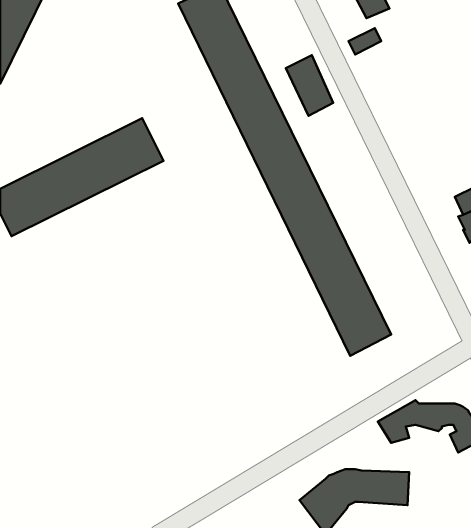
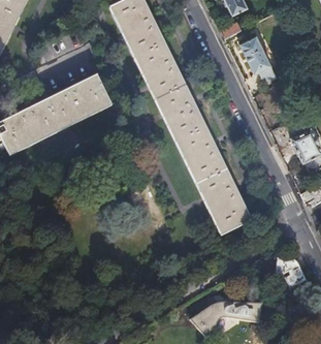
building: [286,55,333,116] -> [238,36,268,74]

